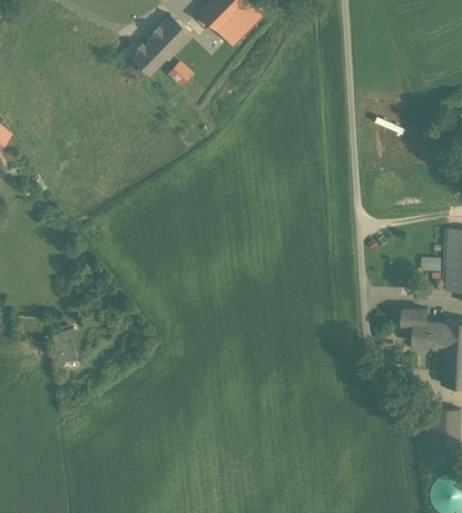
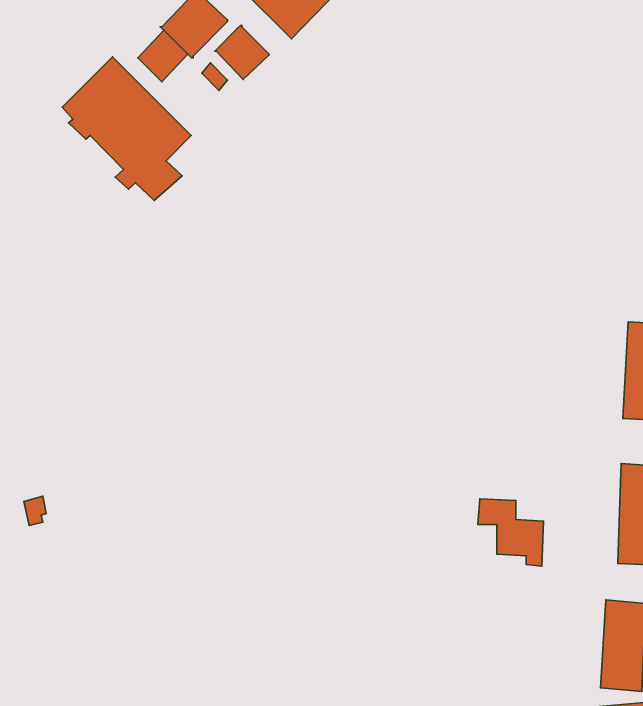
building: none -> [215,25,269,79]
building: none -> [62,57,191,201]
building: [402,308,444,352] -> [478,499,544,566]

